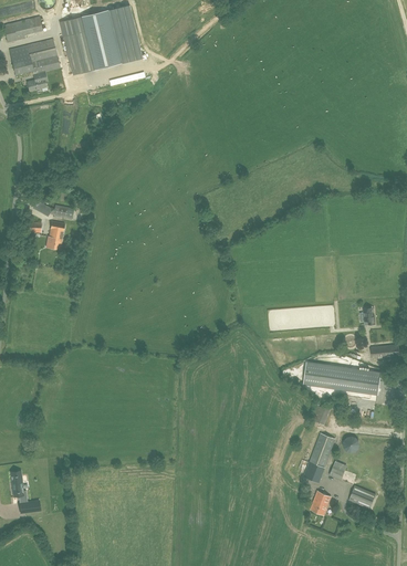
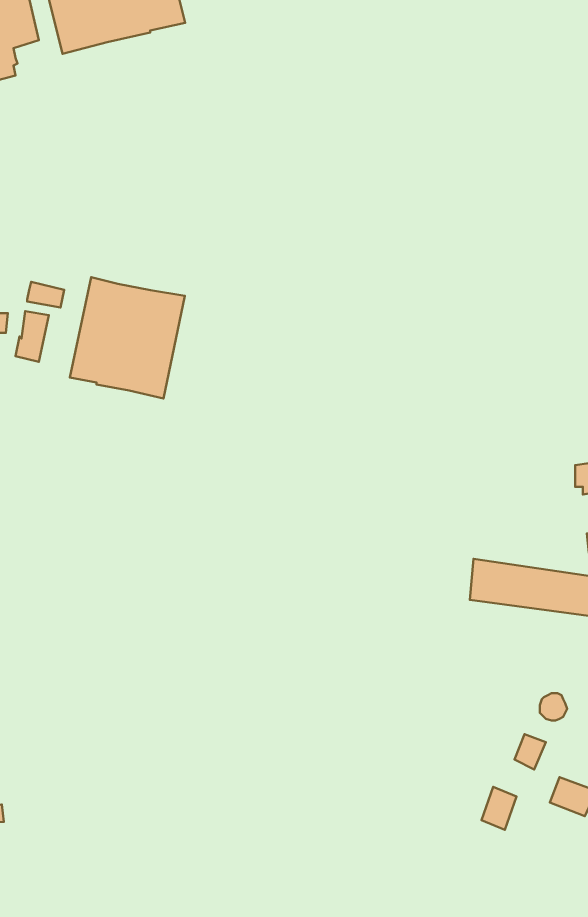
building: none -> [70,277,185,398]
building: [302,432,334,483] -> none

